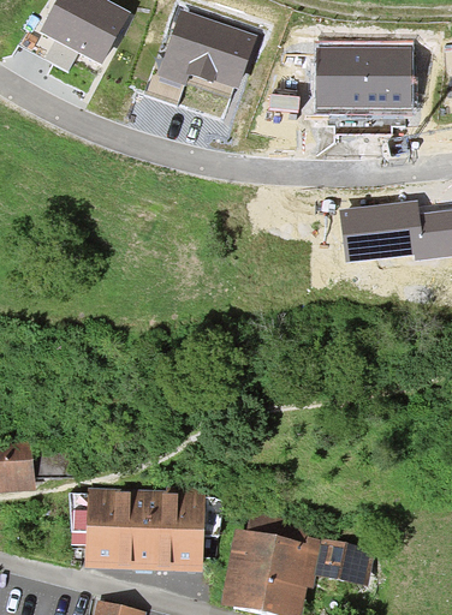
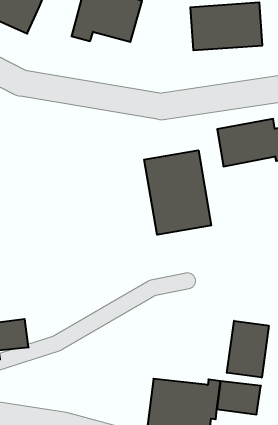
building: none -> [144,150,211,235]
building: none -> [227,321,269,378]
building: [85,485,204,575] -> none

